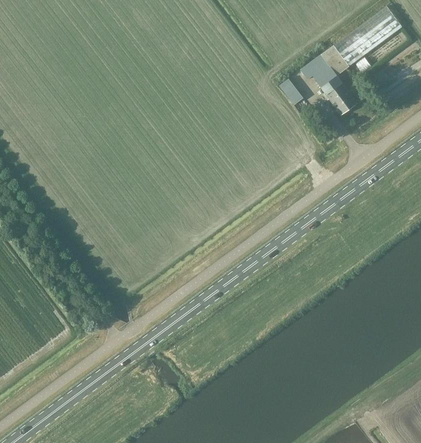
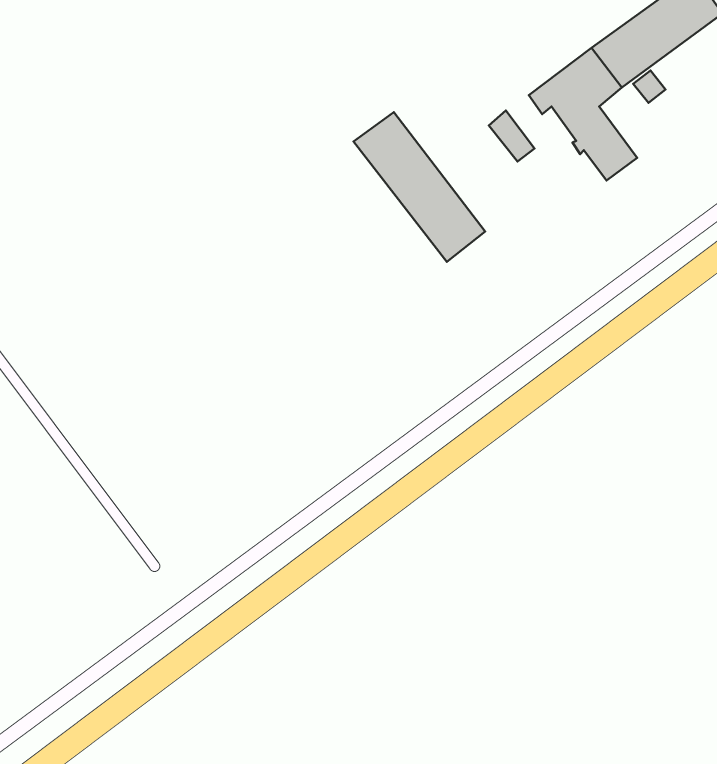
building: none -> [353,112,485,262]

